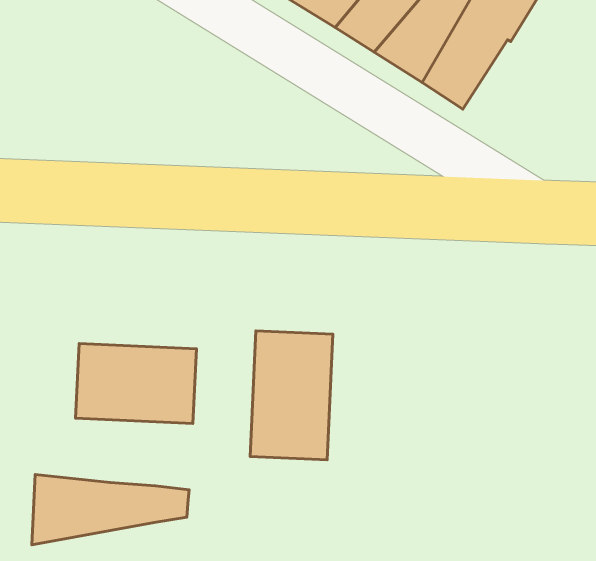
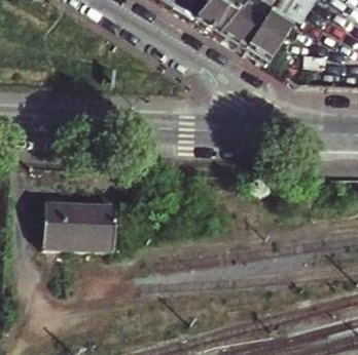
building: [250,331,333,460] -> none
building: [32,474,189,545] -> none

